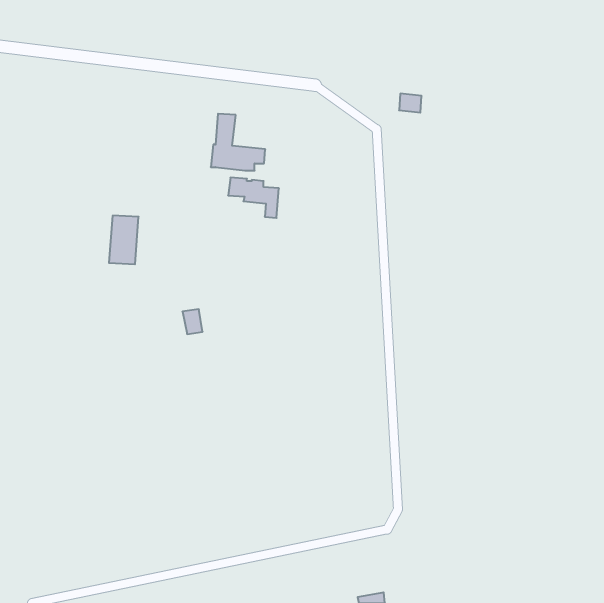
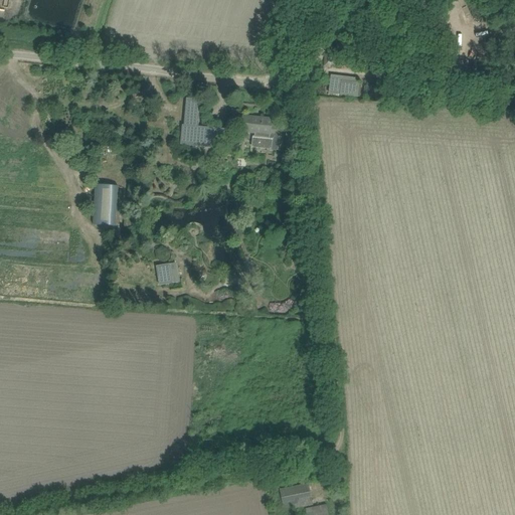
building: [228,178,279,218] -> [240,115,284,149]
building: none -> [280,483,312,507]

